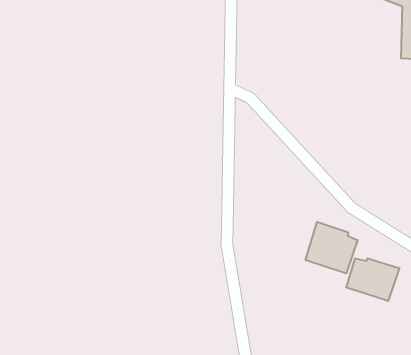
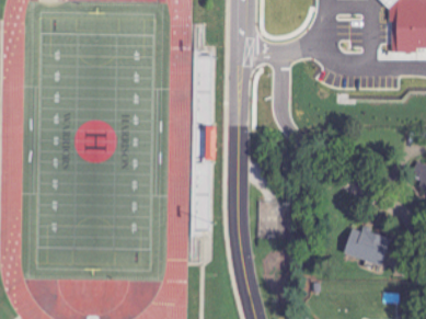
building: [306,222,358,273] -> none

